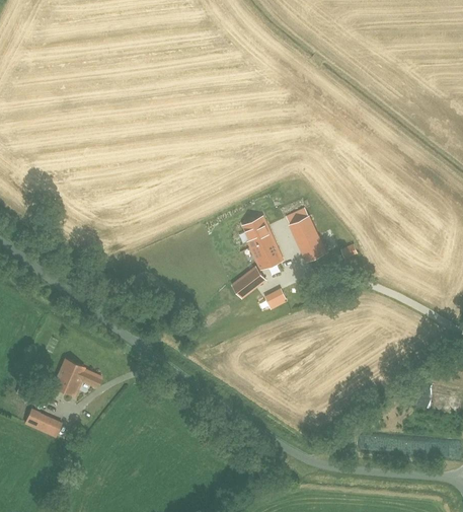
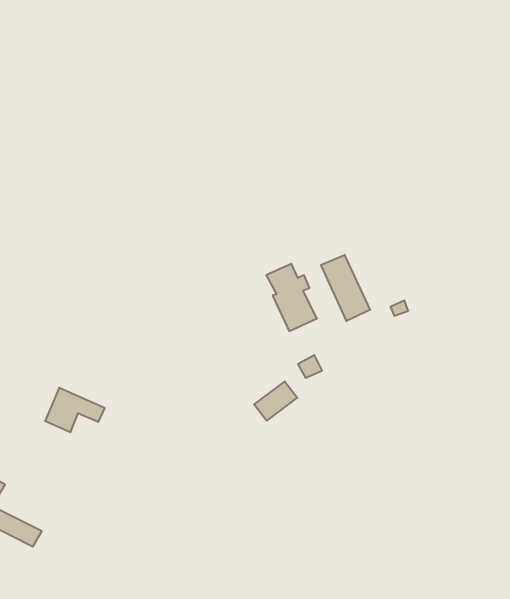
building: [231,266,265,297] -> [254,381,297,421]
building: [54,359,101,394] -> [45,388,105,432]

